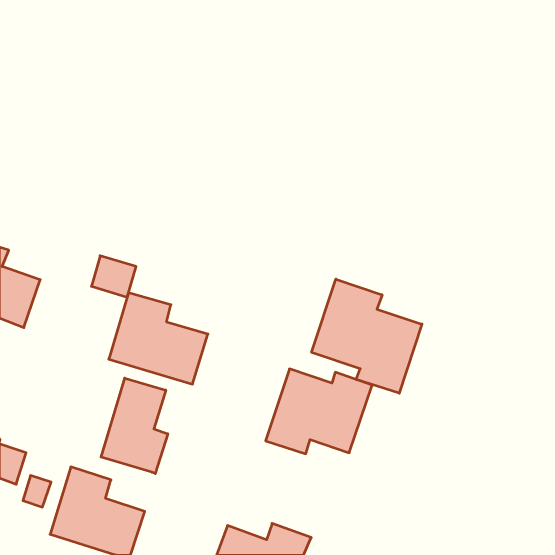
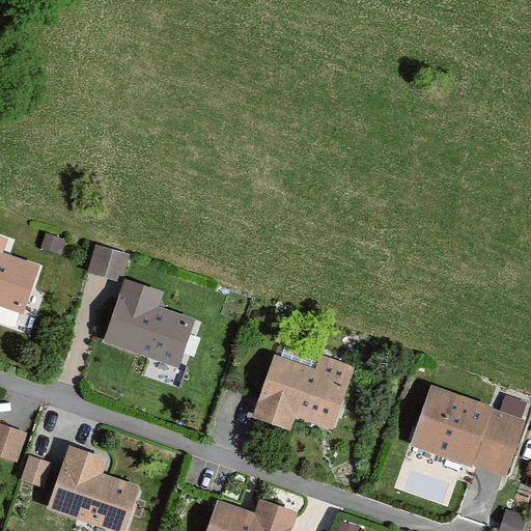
building: [312,279,422,393] -> none
building: [101,378,168,474] -> none
building: none -> [411,389,523,474]

